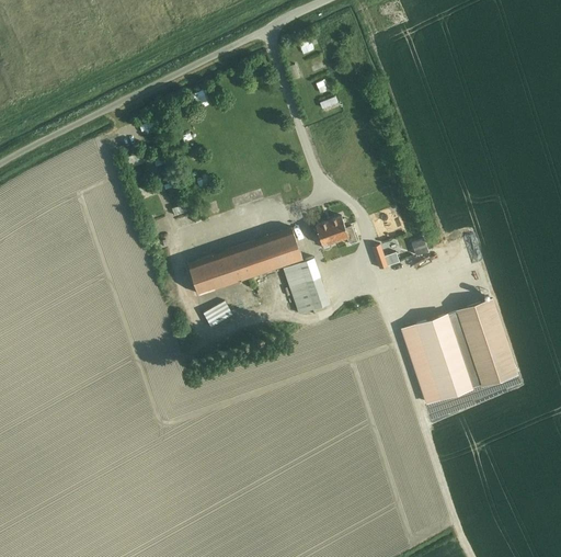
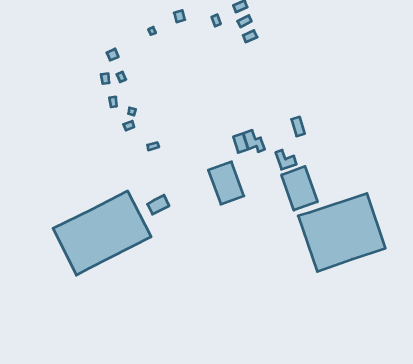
building: [186,229,301,296] -> none
building: none -> [282,166,317,210]
building: none -> [53,191,151,275]

